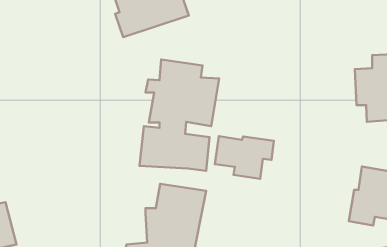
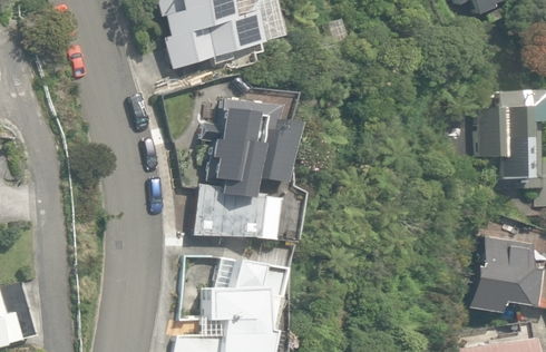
building: [215,136,274,179] -> none

